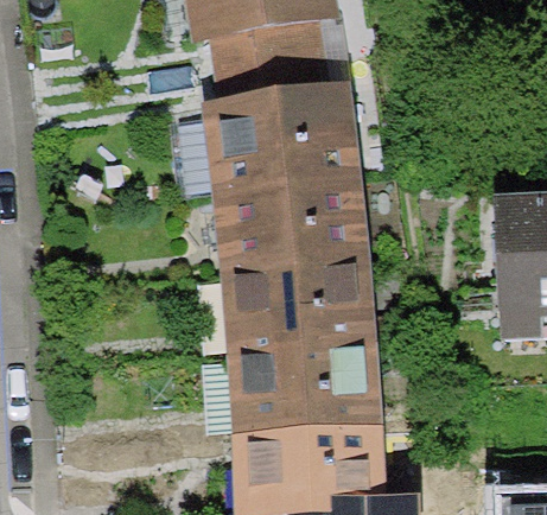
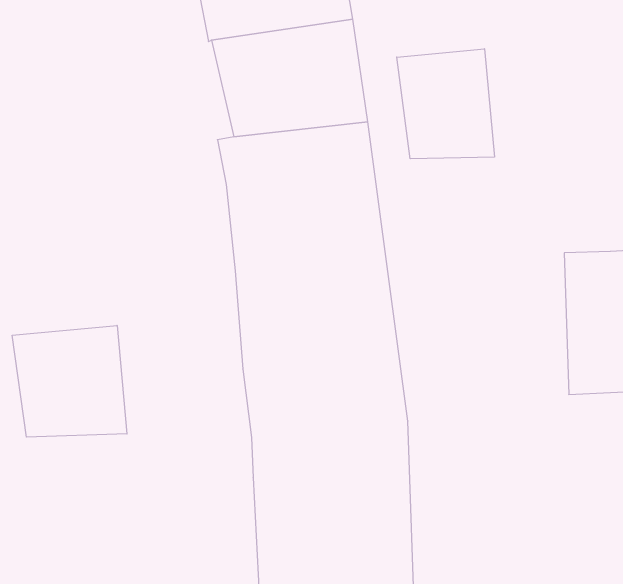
building: none -> [397,49,494,159]
building: none -> [12,325,127,437]

